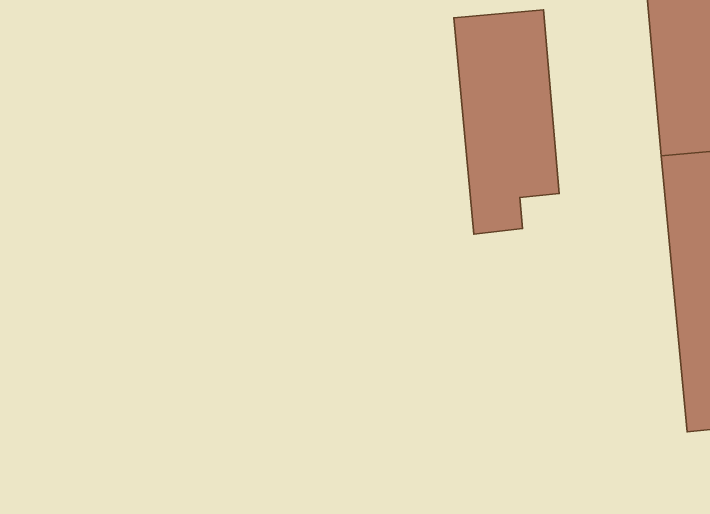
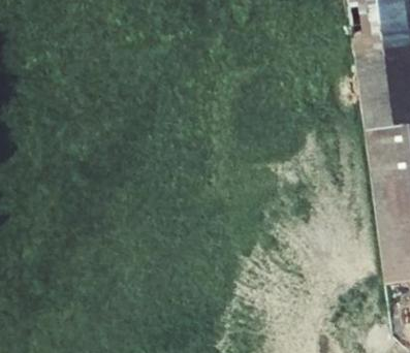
building: [454,10,559,234] -> none

